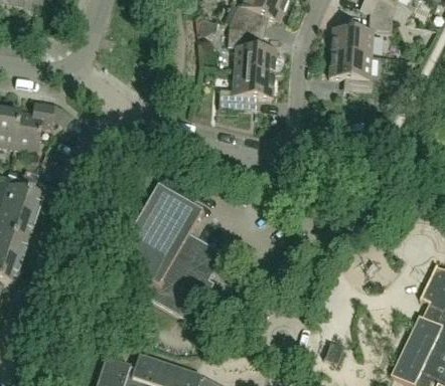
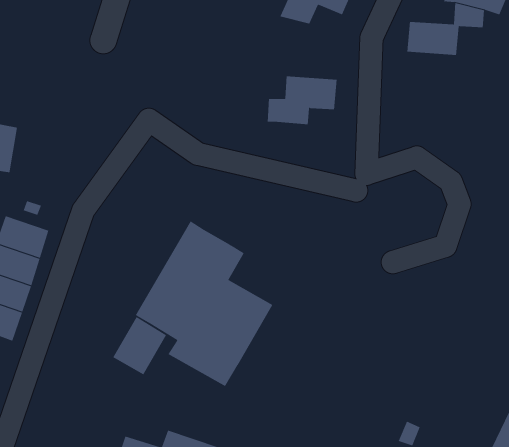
building: [228,23,276,73] -> none
building: [328,51,374,92] -> none
building: [13,102,54,152] -> none
building: none -> [112,316,167,375]

